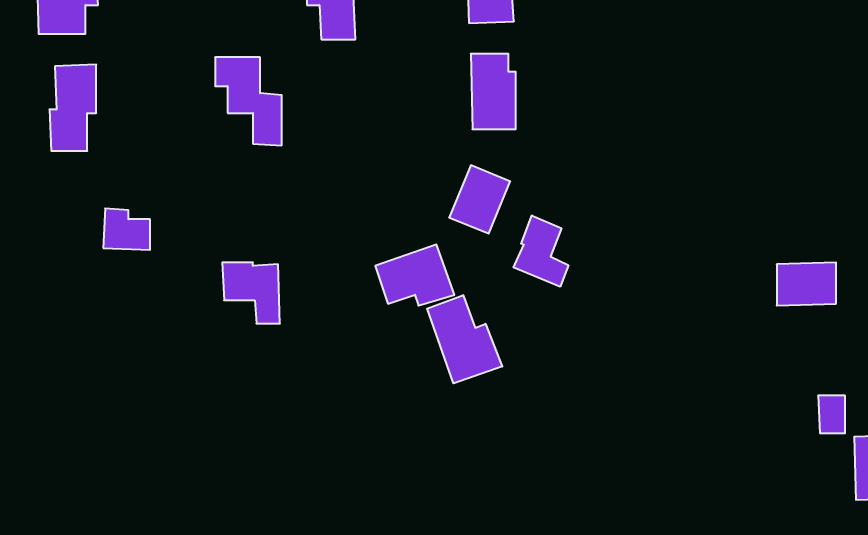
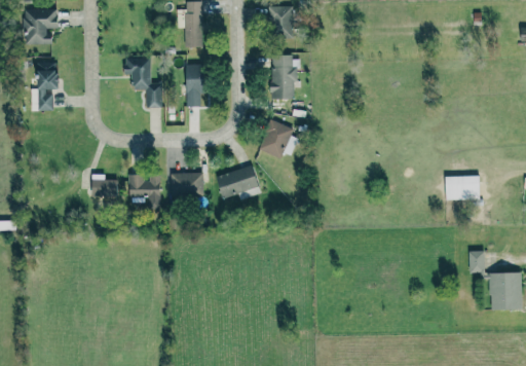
building: none -> [185,65,208,106]
building: [103,208,150,250] -> [90,174,117,197]
building: [514,215,568,287] -> none
building: none -> [171,173,204,197]
building: [427,295,502,383] -> none

